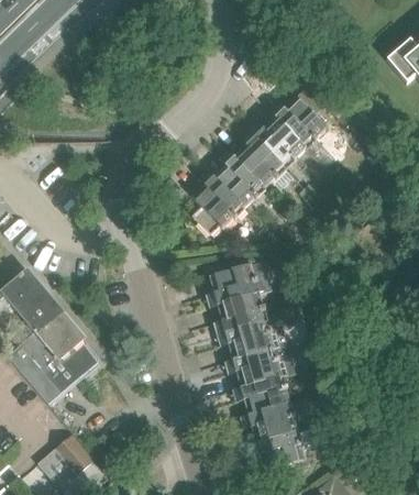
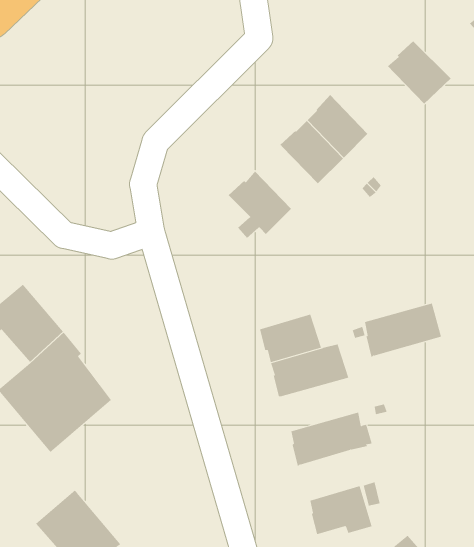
building: [274,95,327,146] -> [386,40,451,104]
building: [212,156,264,207] -> none
building: [208,260,258,304] -> none
building: [234,343,297,387] -> [364,303,442,357]
building: [250,402,298,442] -> none

